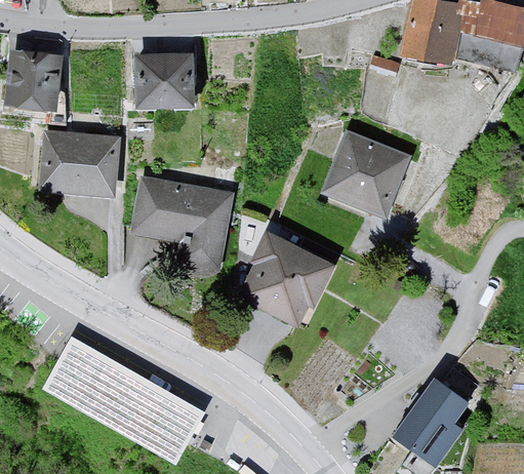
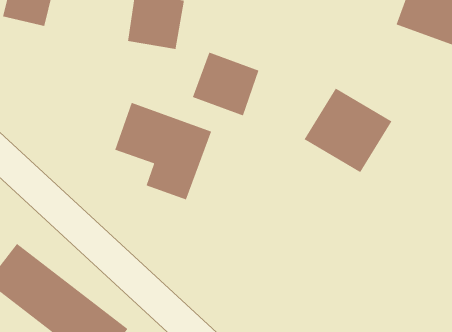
building: none -> [192,52,260,116]
building: [39,132,117,198] -> none
building: [248,231,336,316] -> none

